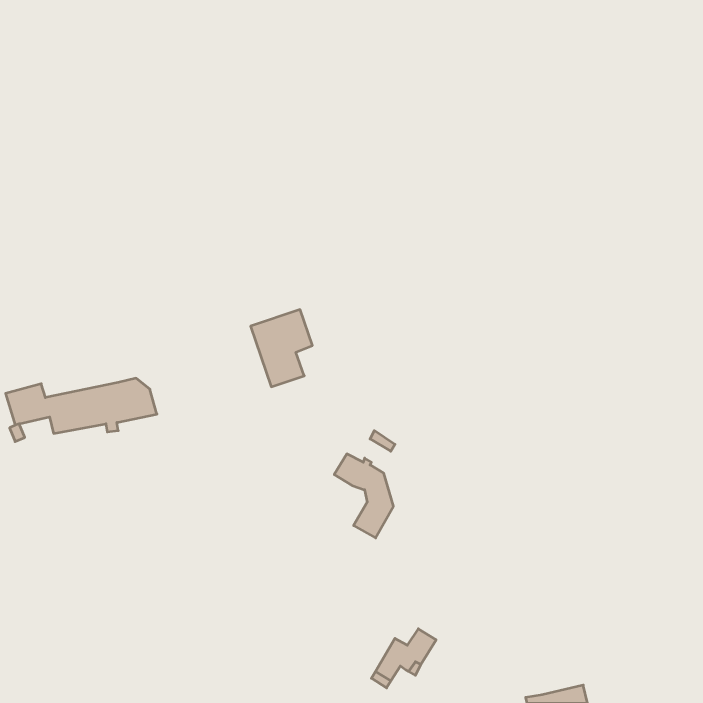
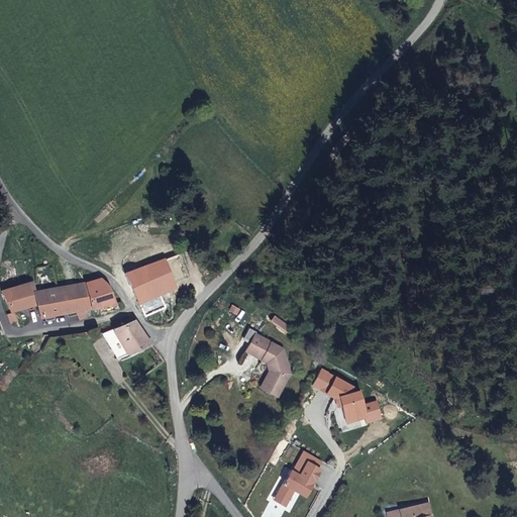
building: [251,310,312,387] -> [128,258,174,315]
building: none -> [112,319,148,356]
building: none -> [322,375,366,422]

